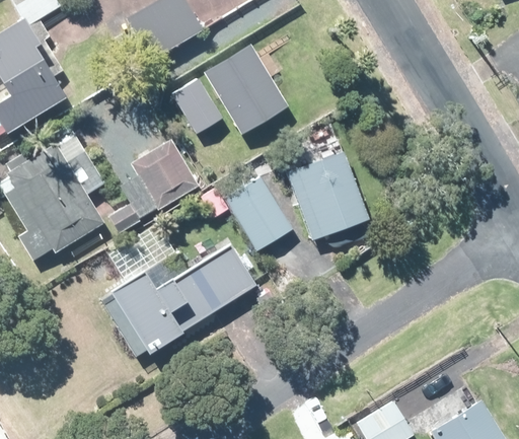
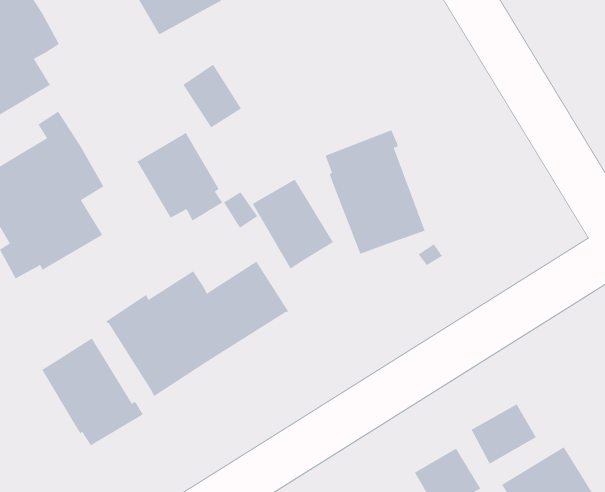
building: [202,51,283,137] -> none
building: none -> [41,338,144,446]
building: none -> [471,403,536,465]

